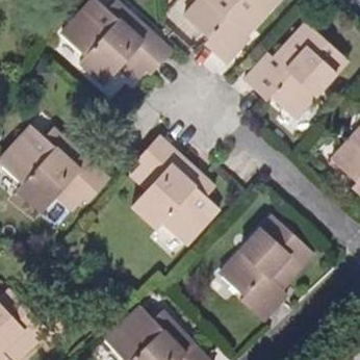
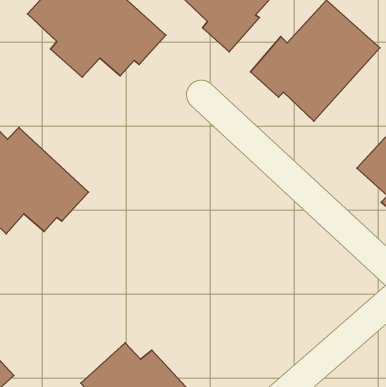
building: [130,133,220,247] -> none
building: [217,214,314,323] -> none

